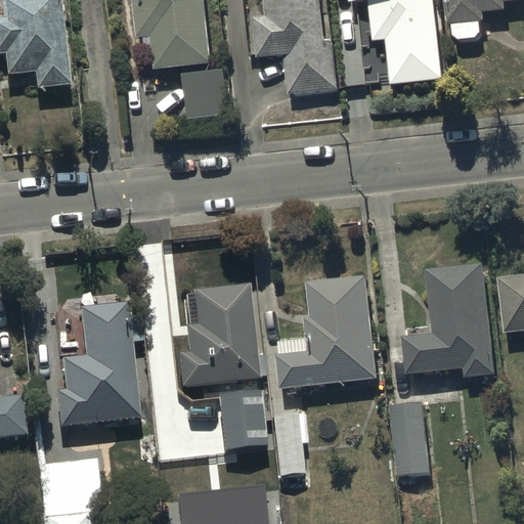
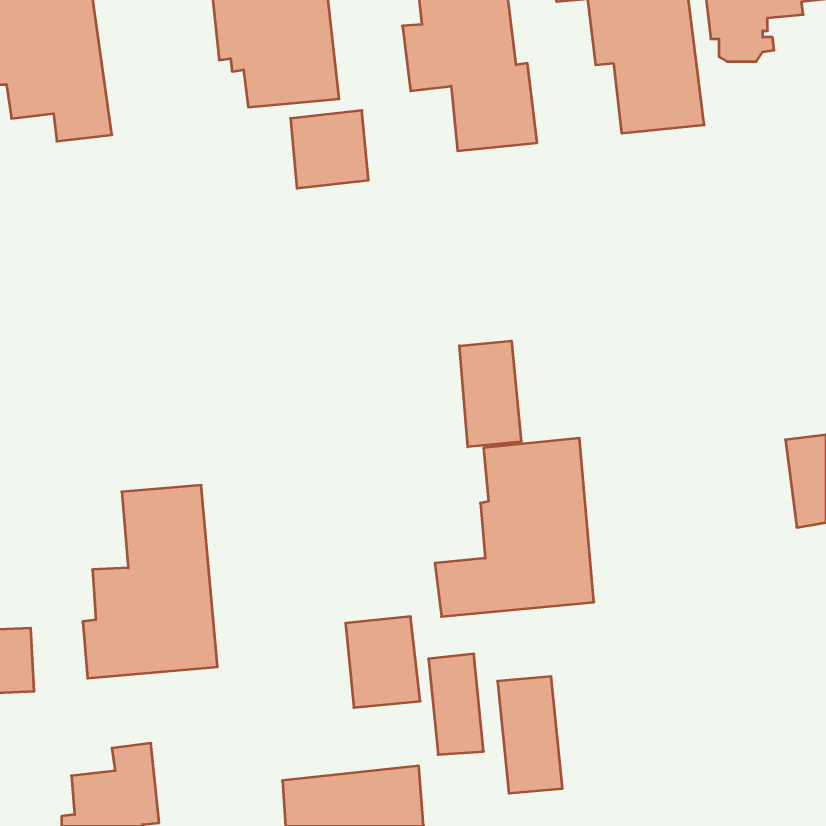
building: none -> [459,341,521,447]
building: [399,263,494,378] -> none
building: [175,286,256,388] -> none
building: [386,401,427,475] -> [497,676,562,793]

